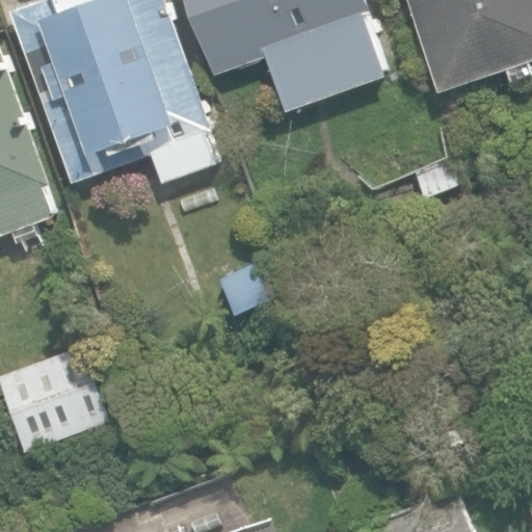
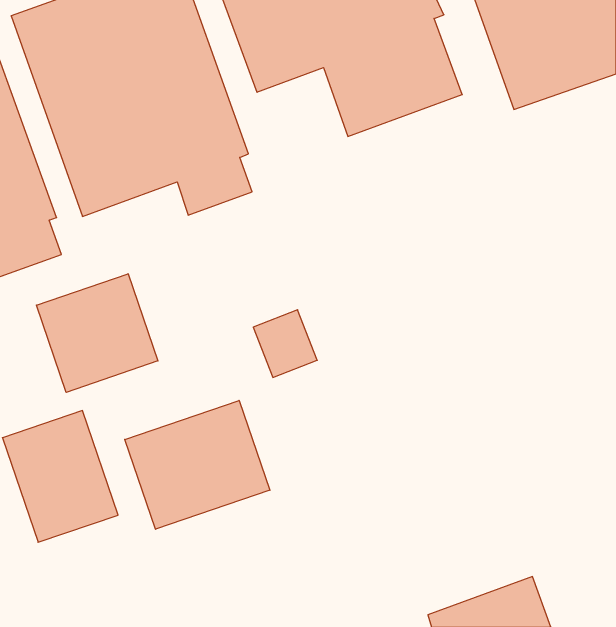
building: none -> [36,274,158,392]
building: none -> [125,400,270,529]

